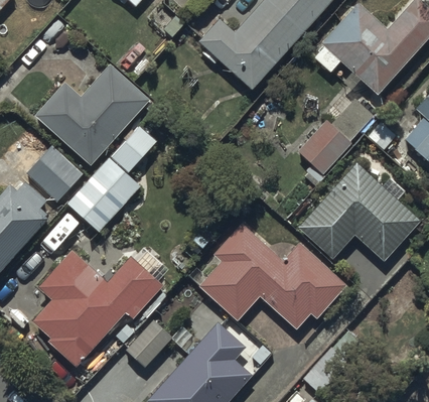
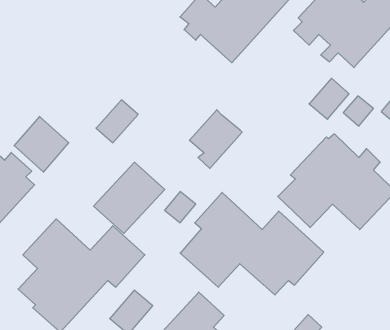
building: [35,63,150,164] -> none
building: [298,126,352,186] -> [189,110,242,168]
building: [67,158,141,232] -> [94,162,165,233]

